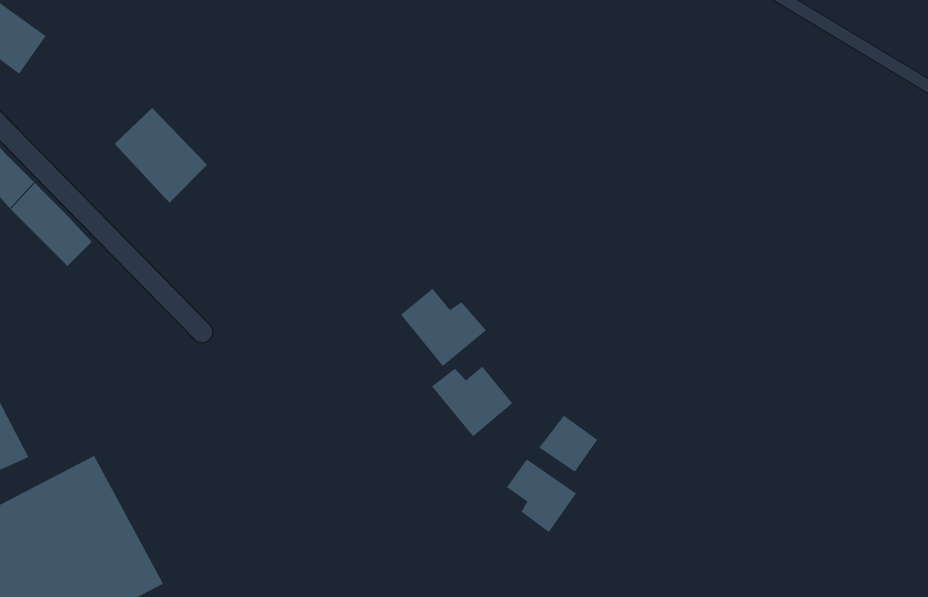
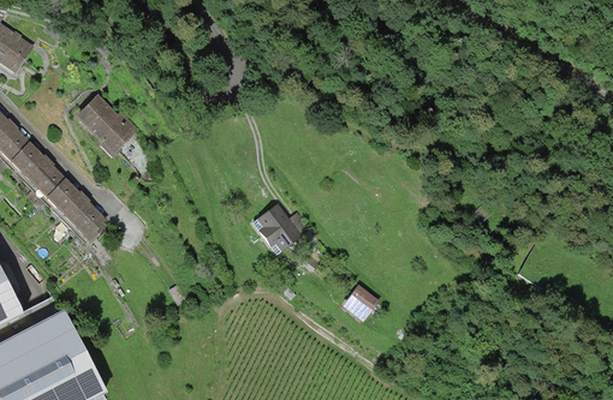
building: none -> [47,175,103,232]
building: [431,366,513,437] -> none
building: [506,458,577,533] -> none

